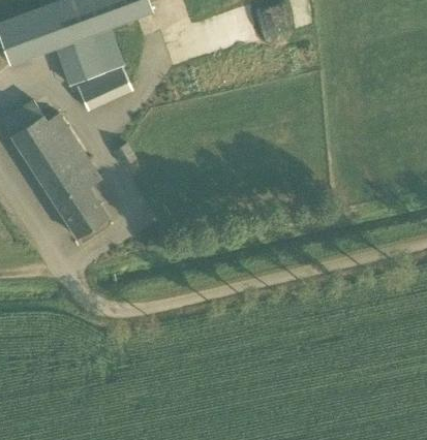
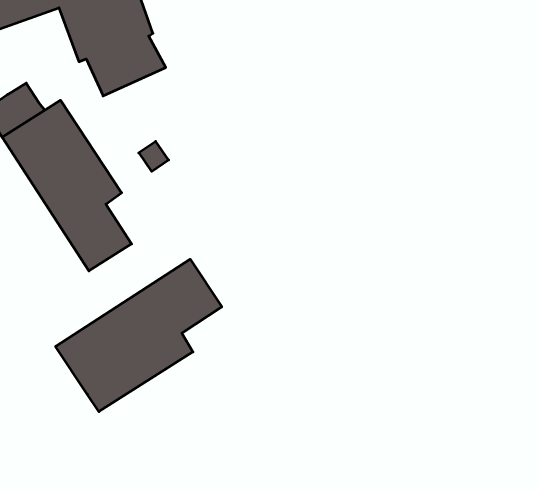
building: none -> [56,259,222,412]

